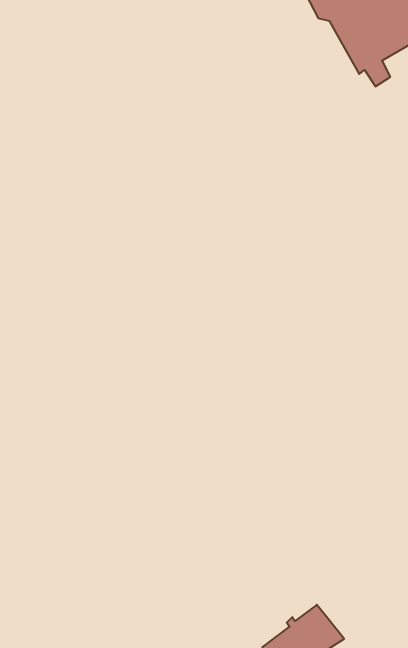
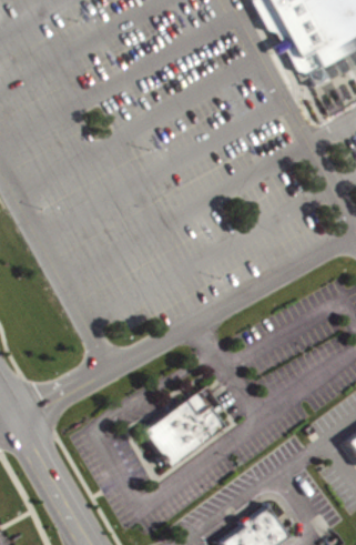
building: none -> [146,400,226,464]

